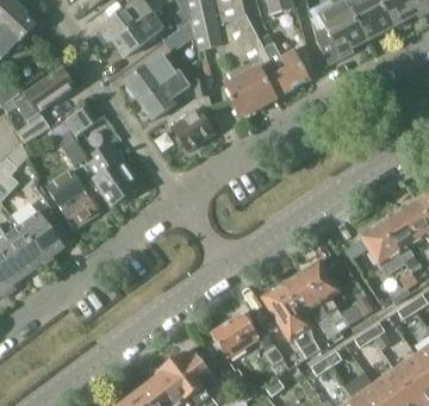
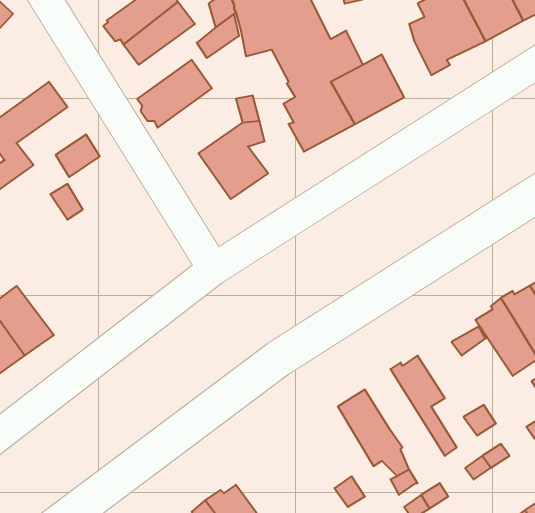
building: [137,70,188,119] -> none
building: [83,140,141,205] -> none
building: [46,169,100,227] -> none
building: [282,269,338,337] -> none
building: [210,311,257,358] -> none

